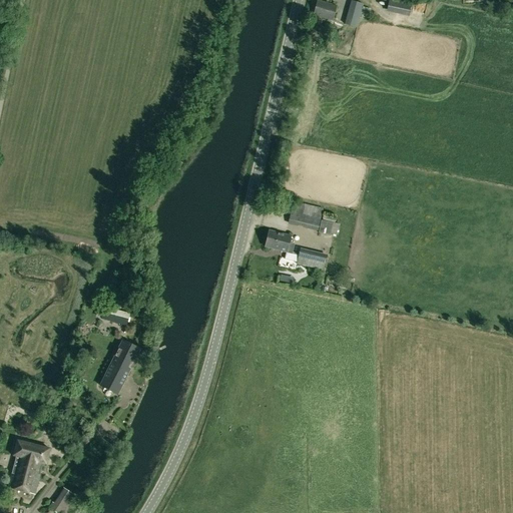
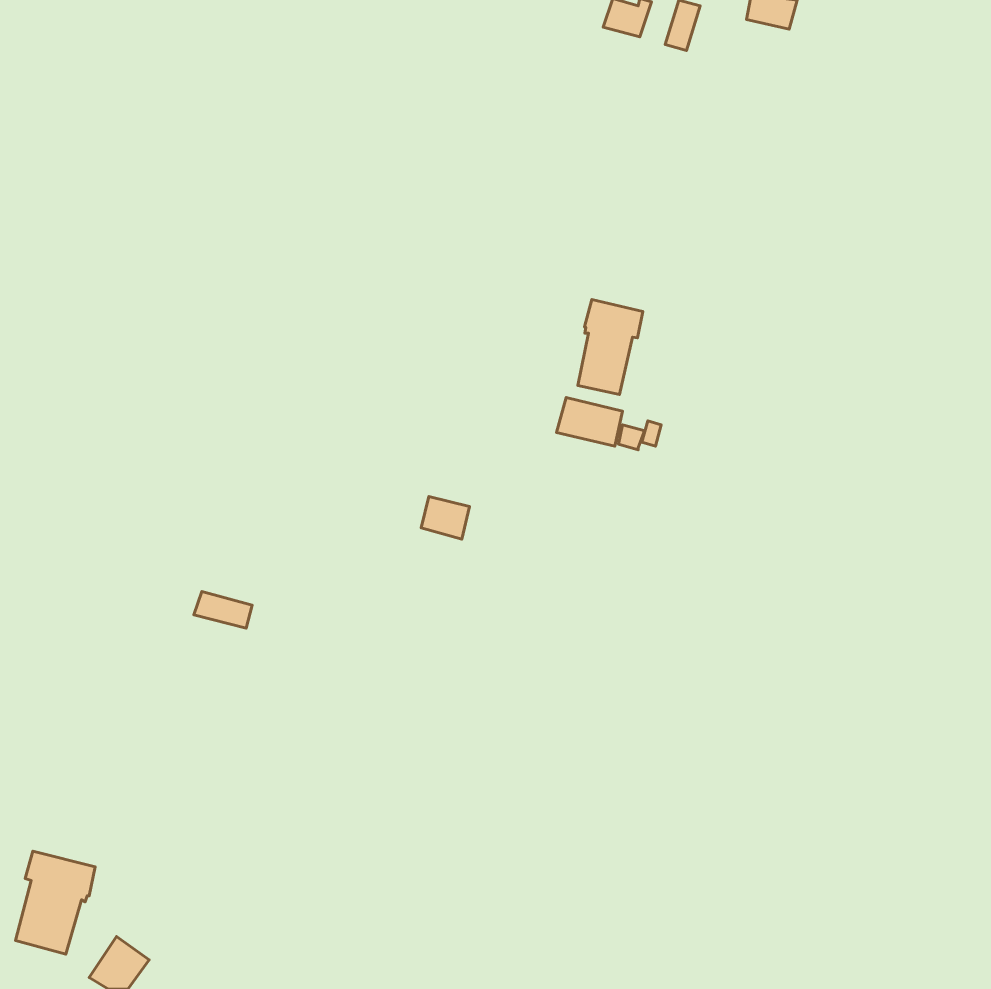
building: none -> [578,300,643,394]
building: [266,229,291,251] -> [421,497,470,539]
building: [291,247,327,270] -> none
building: [100,340,139,393] -> none

